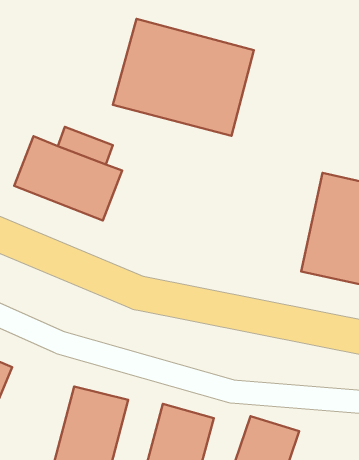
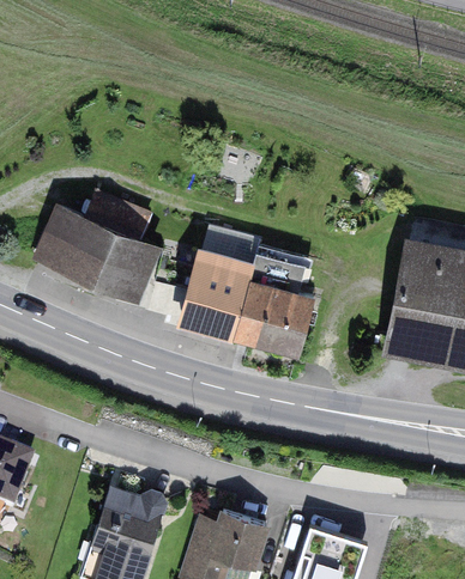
building: [113,19,254,136] -> none
building: none -> [181,218,320,349]

